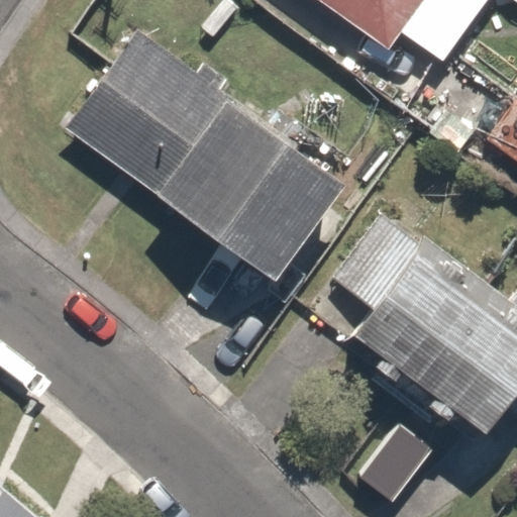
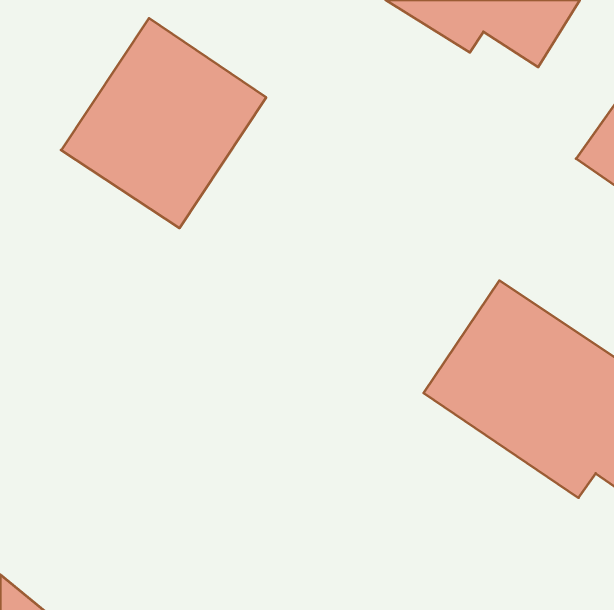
building: [157,92,347,279] -> none

